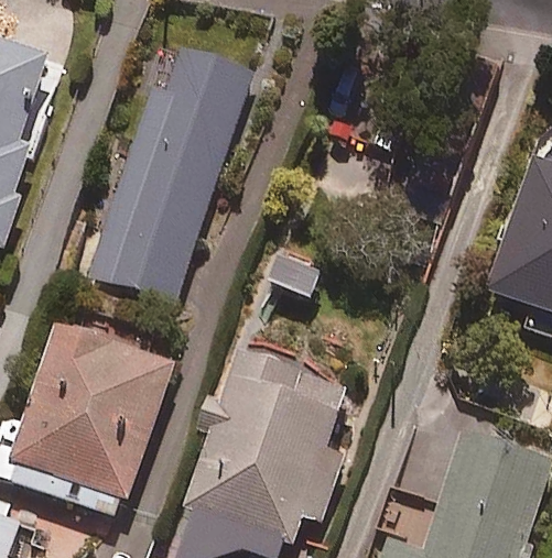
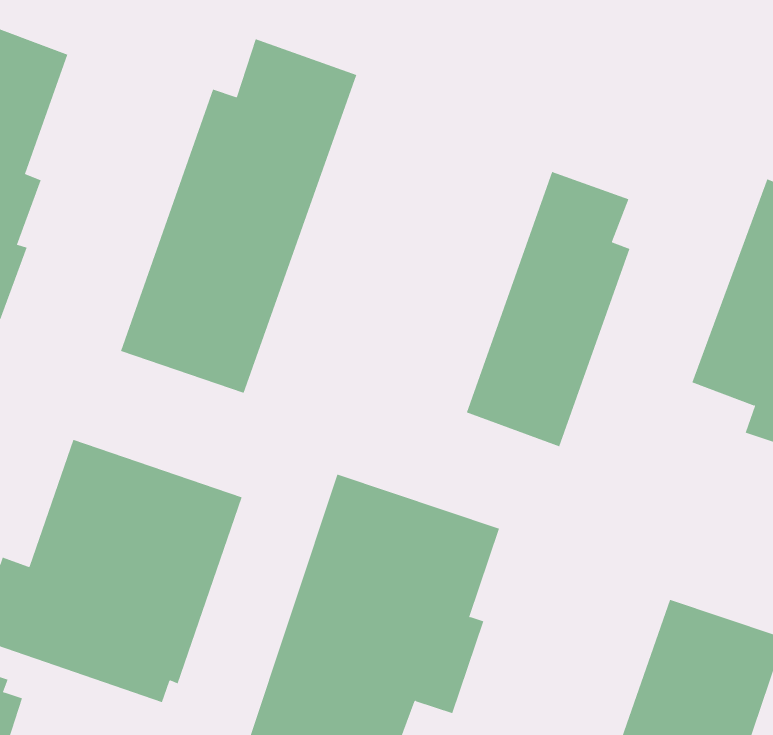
building: none -> [466,171,630,447]

